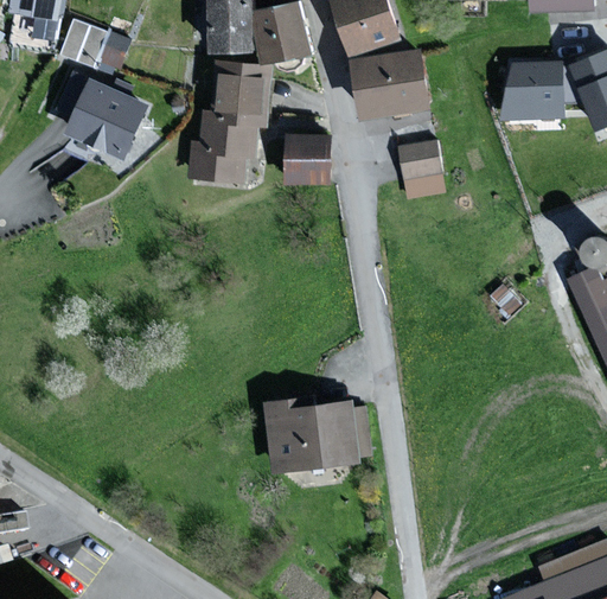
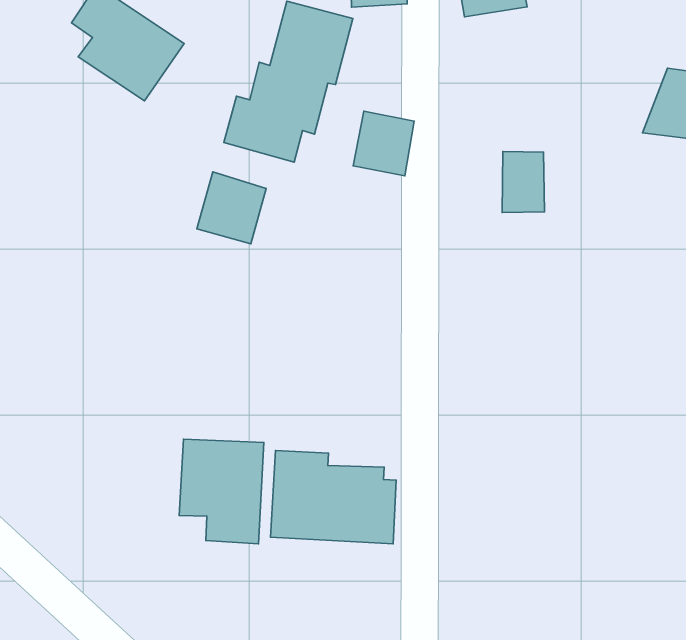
building: [356,51,429,115] -> none
building: none -> [197,172,266,244]
building: none -> [179,439,264,544]

